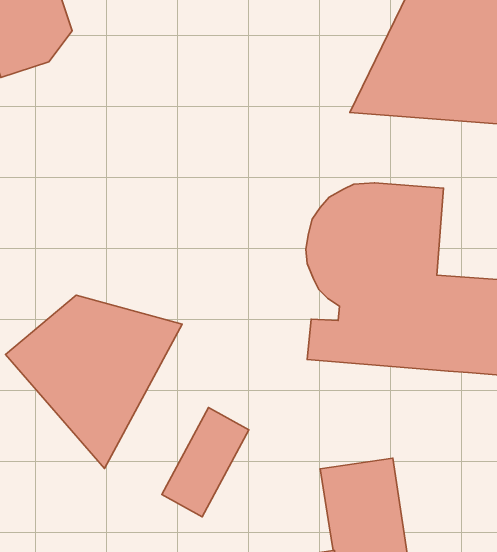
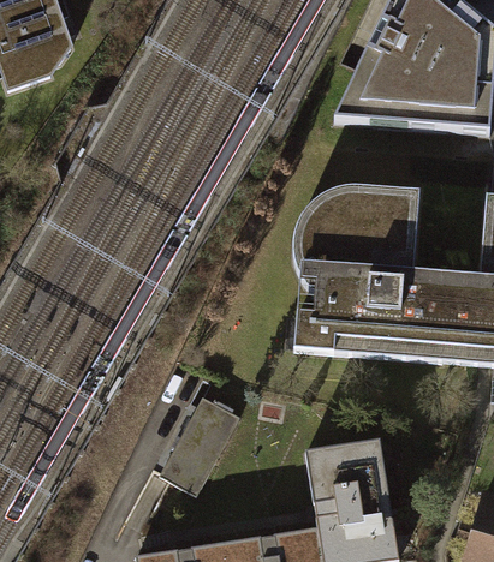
building: [5,295,182,469] -> none

